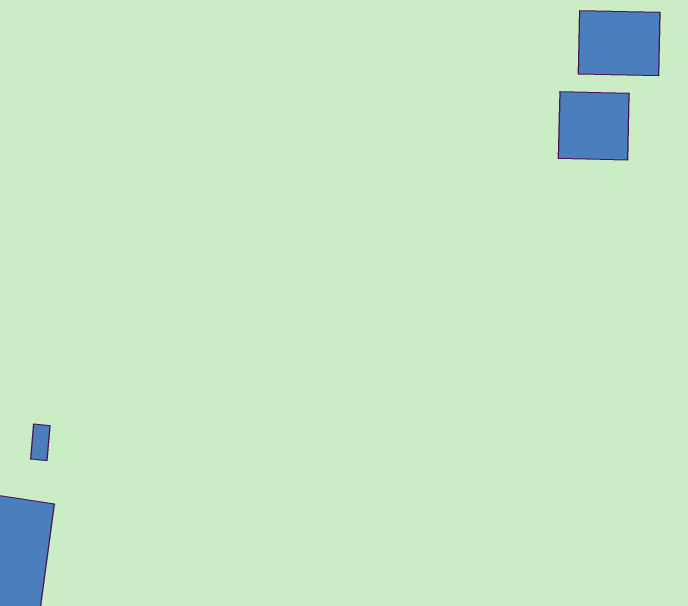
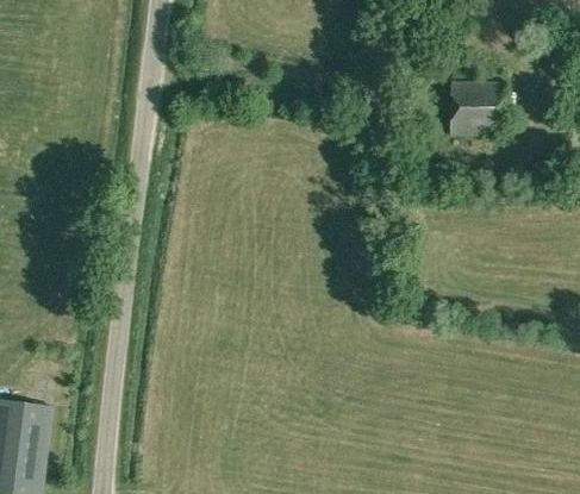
building: [578,11,660,76] -> none

